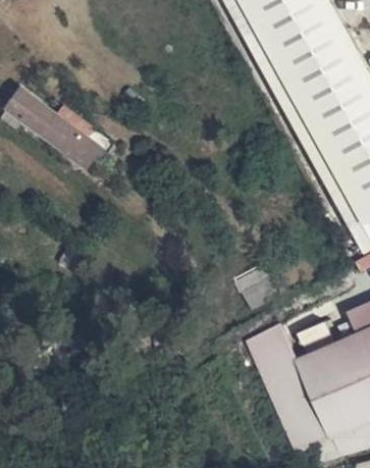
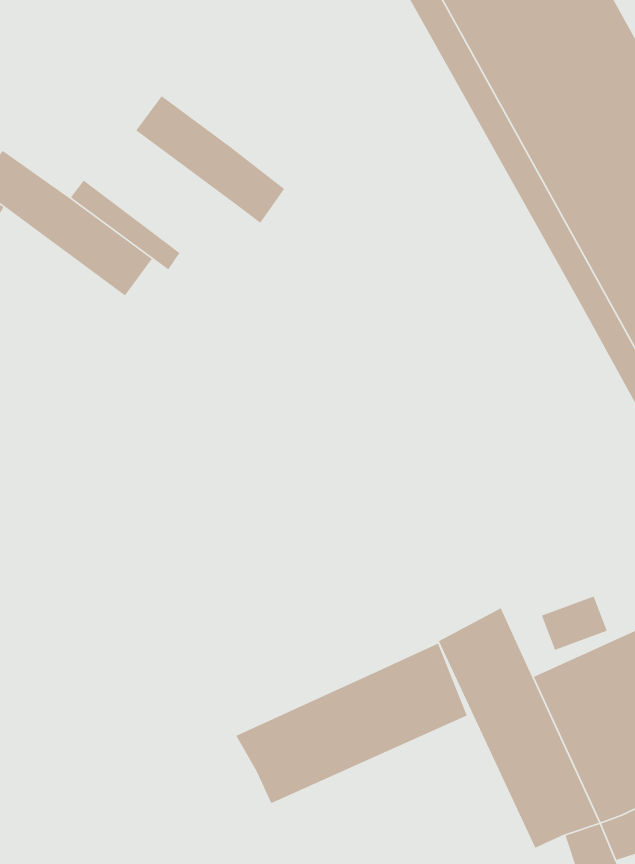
building: none -> [135,95,285,224]
building: none -> [235,642,468,804]

